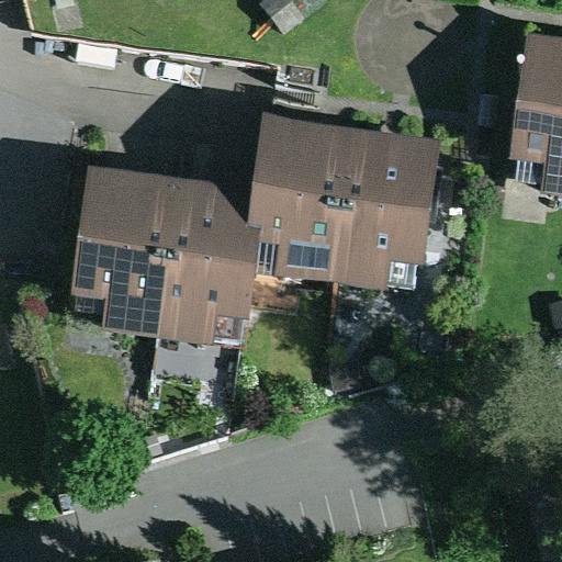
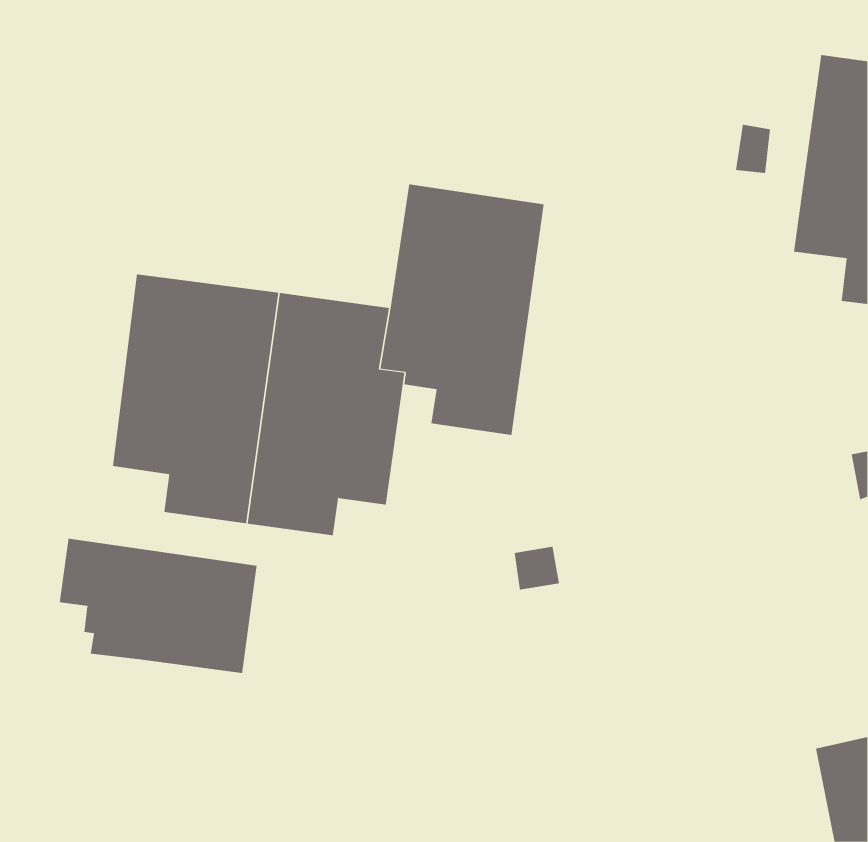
building: [330,132,440,290] -> none
building: none -> [59,538,257,674]

